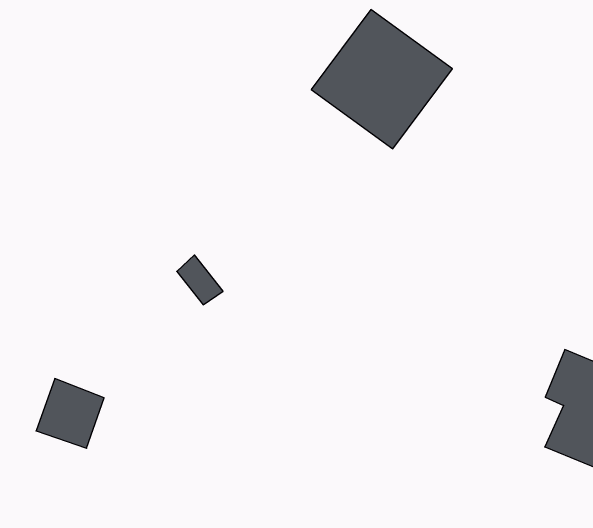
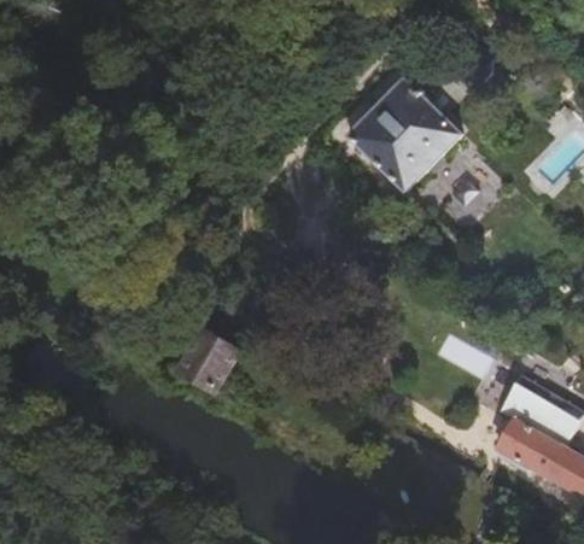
building: [36,379,104,448] -> [177,327,234,385]

